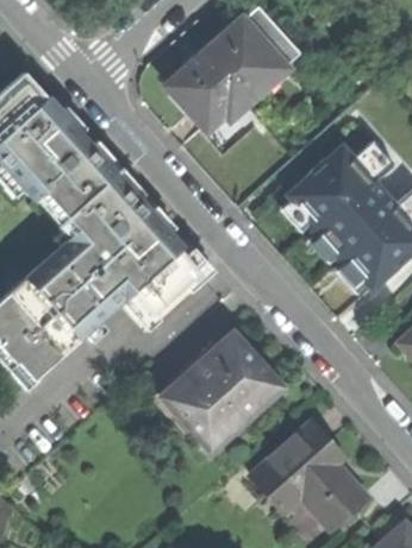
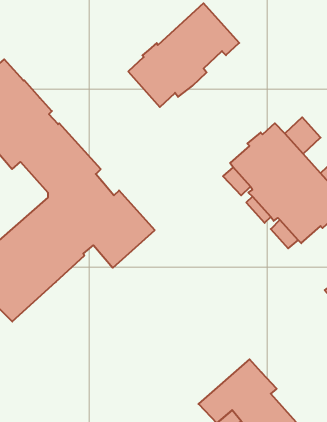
building: [163,334,279,447] -> none

